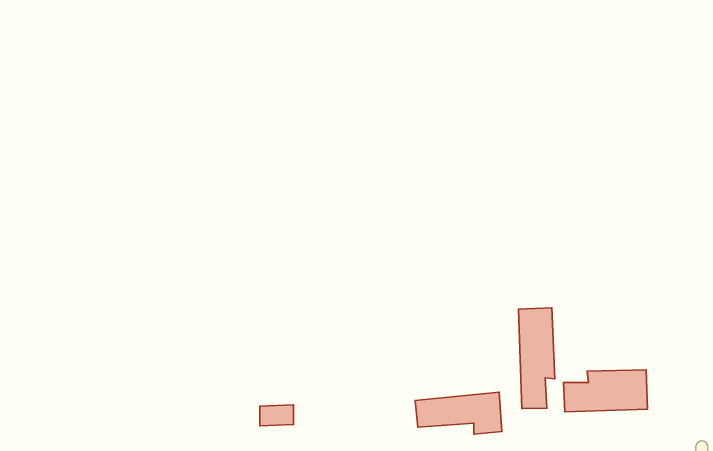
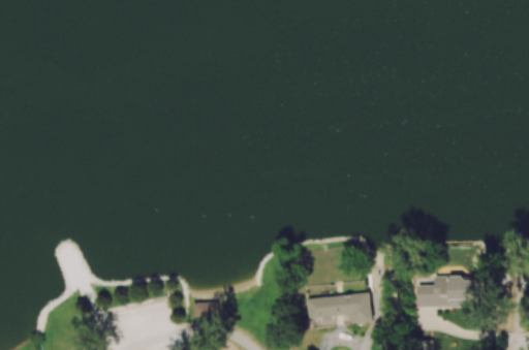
building: [518,308,555,409] -> none

